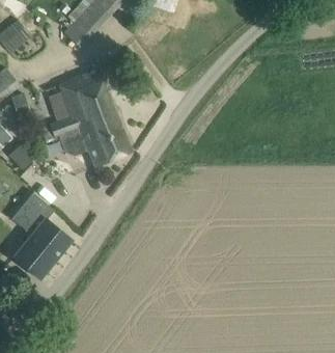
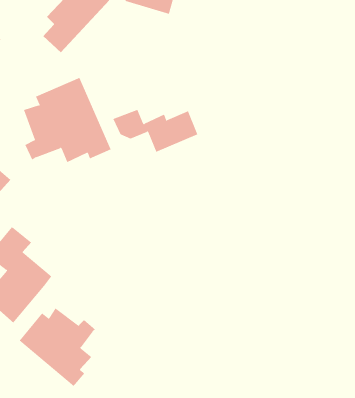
building: [57,129,131,166] -> [112,109,198,153]
building: none -> [19,307,96,387]

